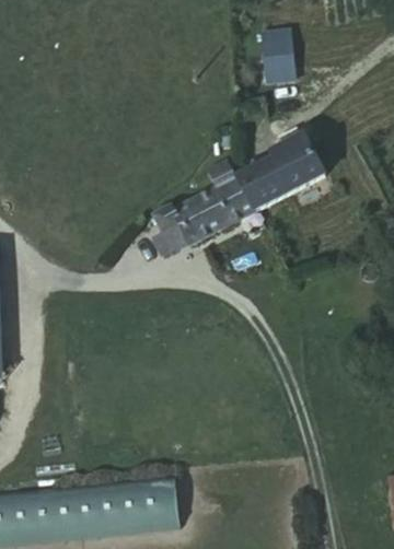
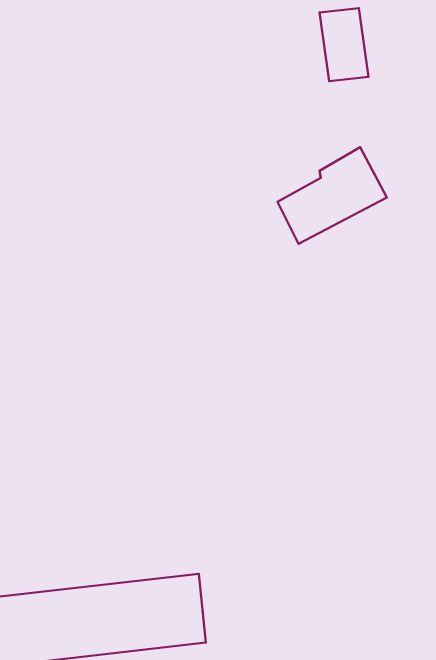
building: [150,164,251,255] -> none

